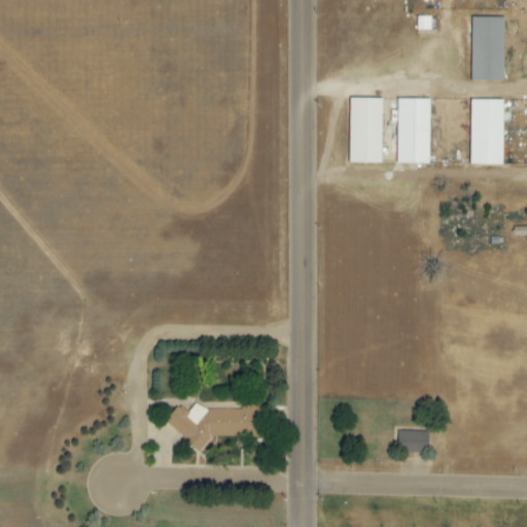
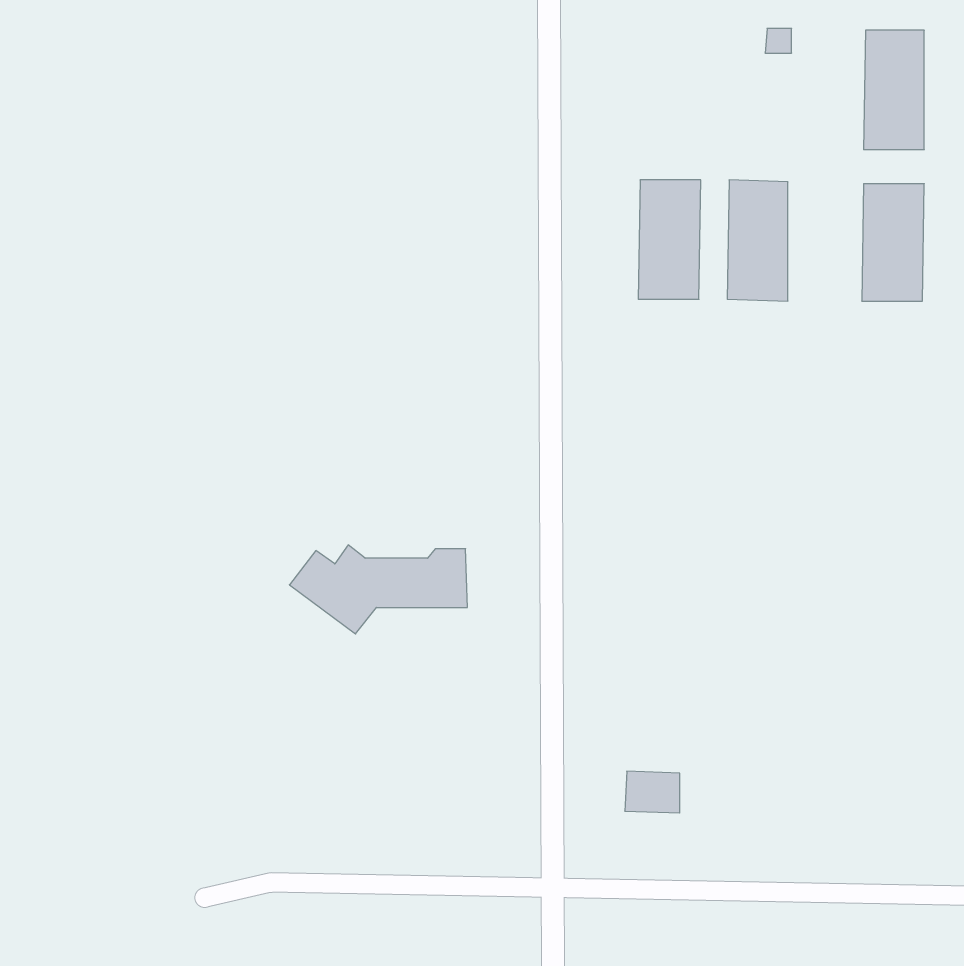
building: [165,401,261,450] -> [289,545,467,634]
building: [399,429,429,452] -> [625,771,680,813]

